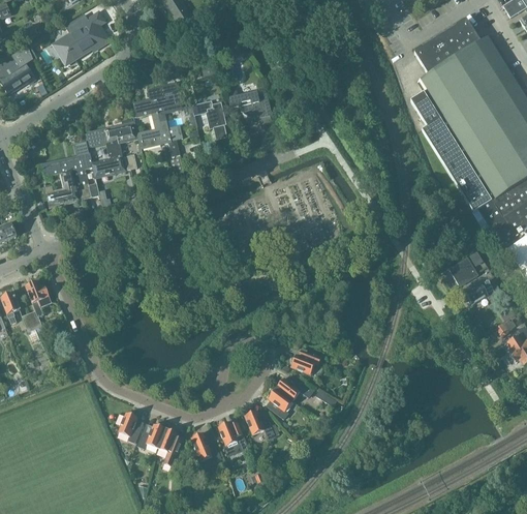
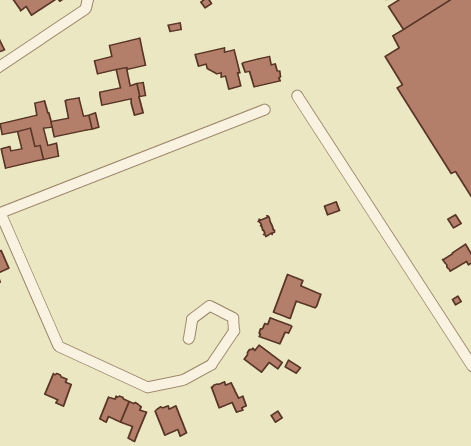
building: none -> [242,56,280,87]
building: [187,100,227,140] -> none
building: [88,118,138,145] -> none
building: [450,256,478,284] -> none
building: none -> [274,274,321,318]
building: [267,388,292,418] -> none
building: [118,412,143,443] -> [45,374,71,406]
building: [218,421,248,456] -> none

